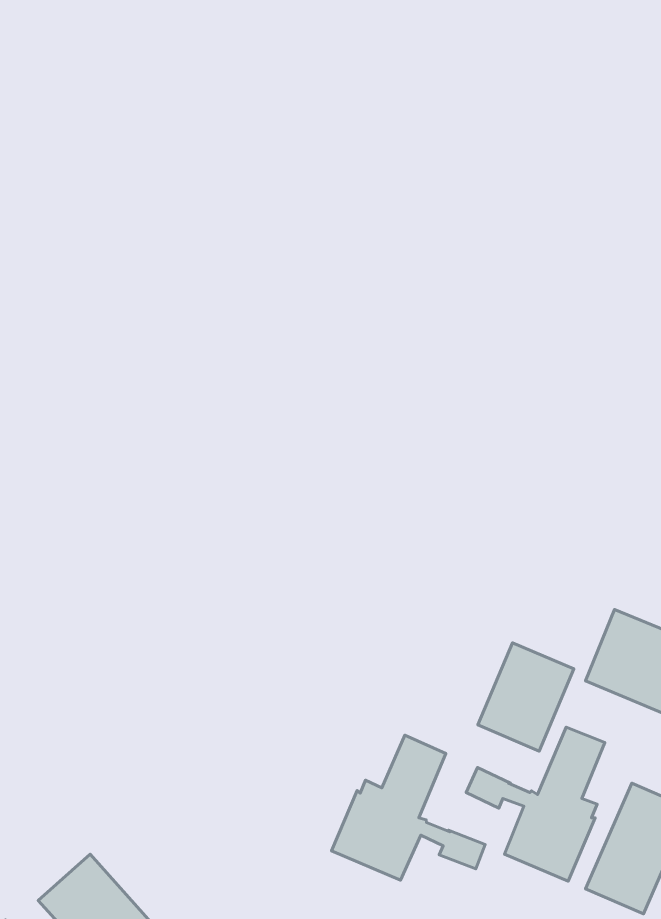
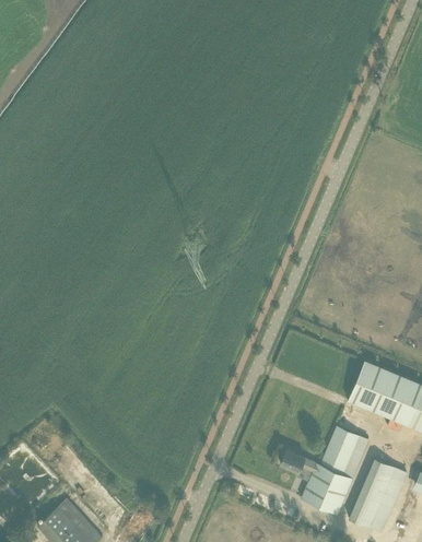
building: [478,643,574,751] -> none
building: [331,735,485,880] -> none

